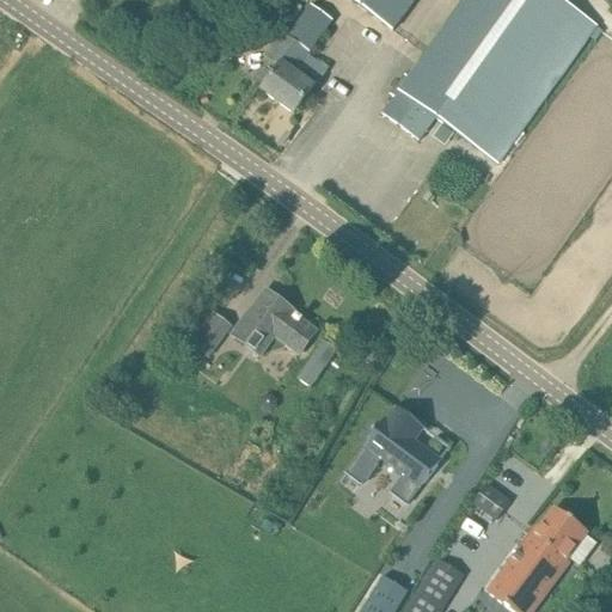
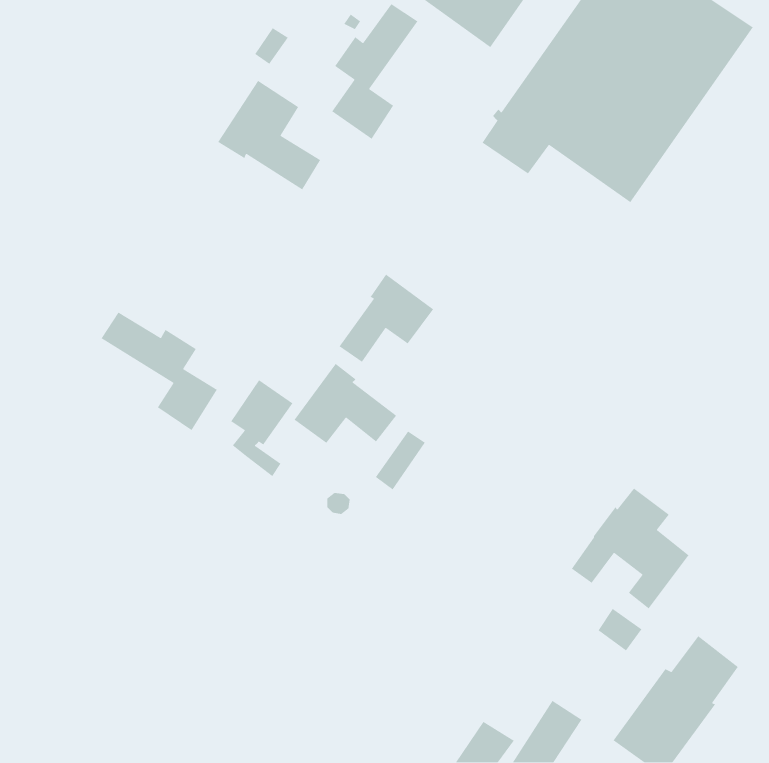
building: none -> [217,80,321,190]
building: none -> [338,274,434,363]
building: none -> [101,312,218,431]
building: [347,404,441,501] -> [571,488,690,609]

